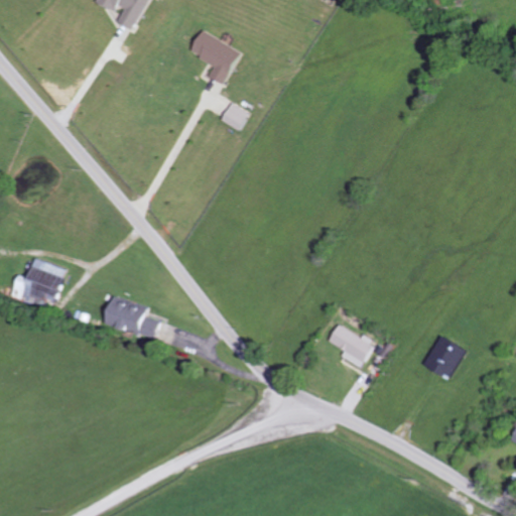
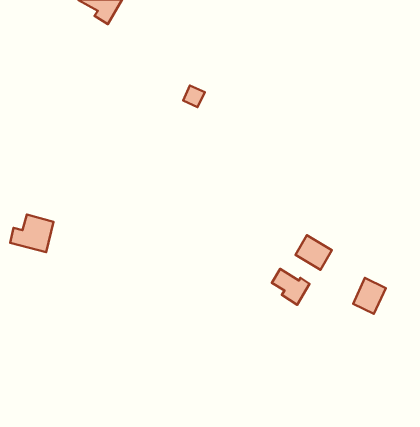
building: [188,29,240,84] -> none
building: none -> [296,235,332,270]
building: [103,296,158,339] -> none

